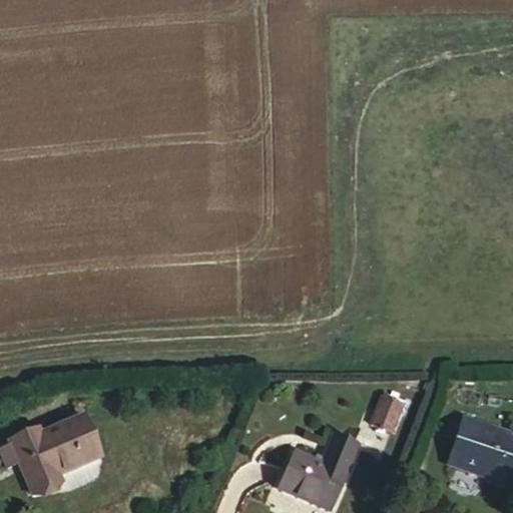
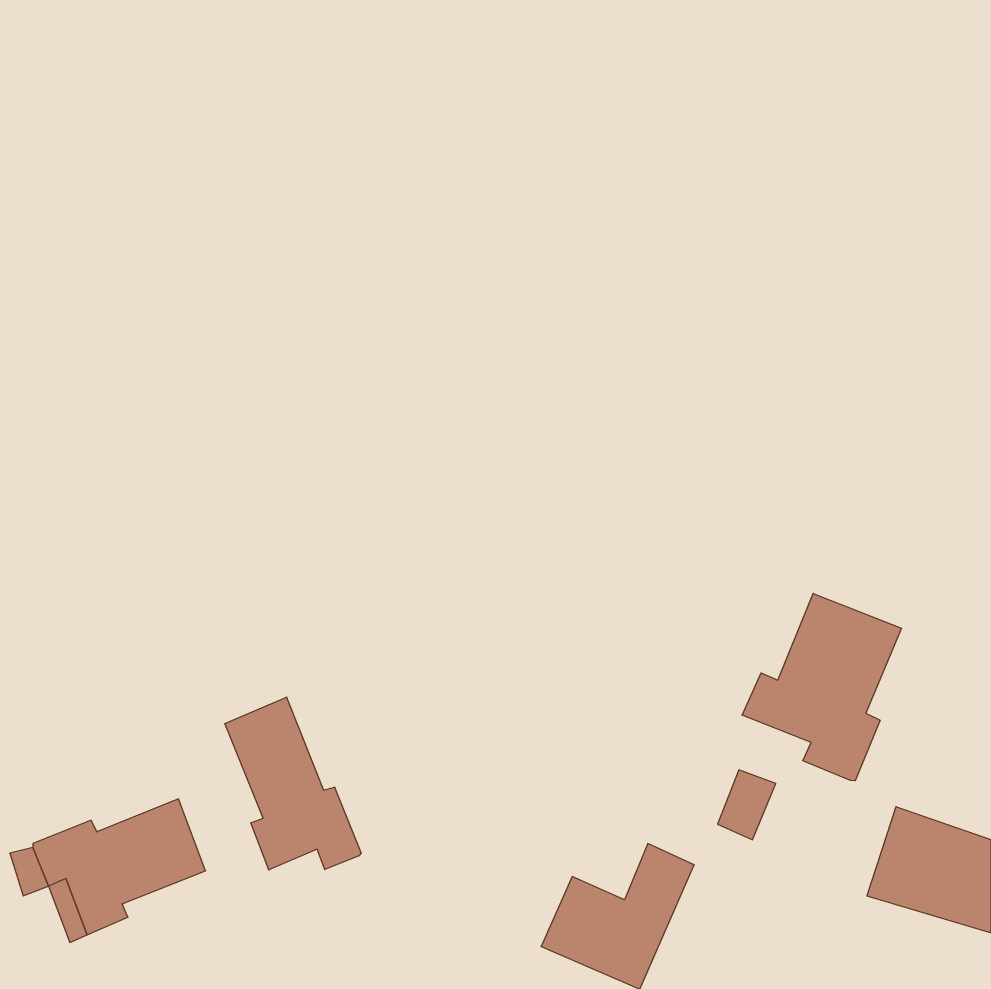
building: none -> [742,593,901,781]
building: none -> [225,697,361,870]

